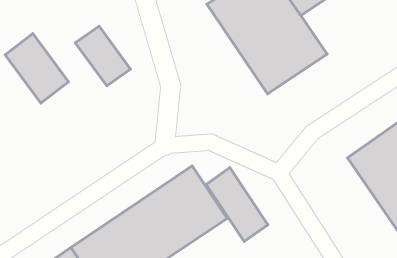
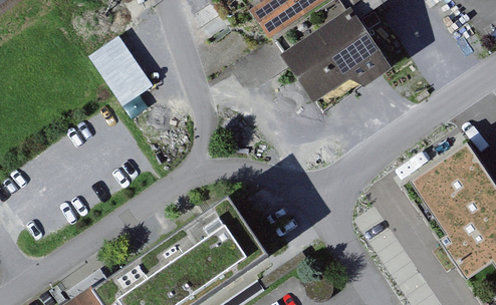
building: [5,34,69,103] -> none
building: [206,168,268,241] -> none

